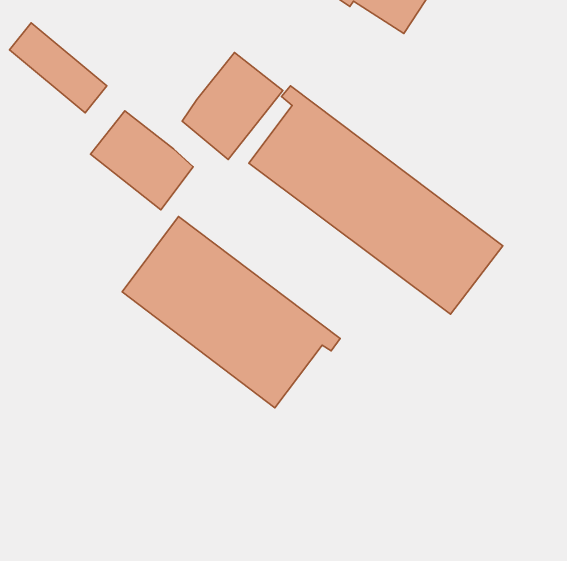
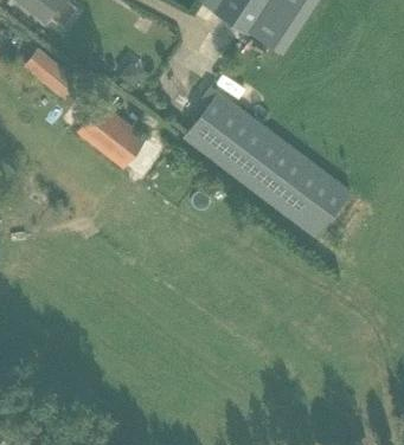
building: [182,53,283,160] -> none
building: [122,216,340,408] -> none

